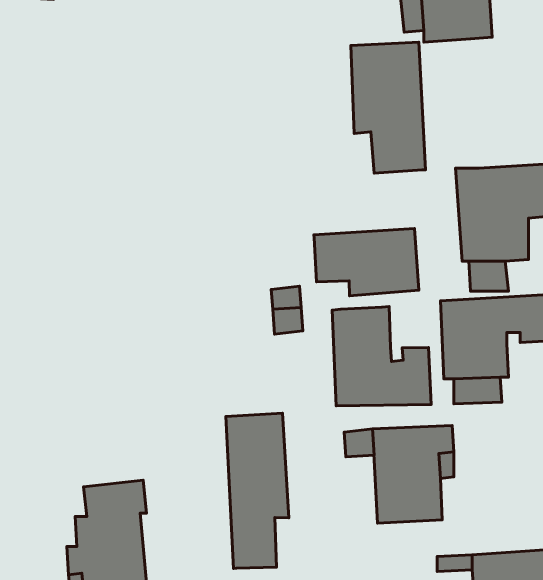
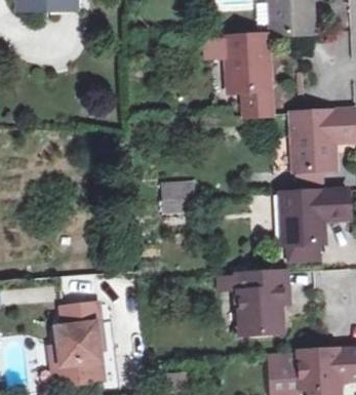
building: [314,228,419,296] -> none
building: [332,306,431,406] -> none
building: [226,413,289,569] -> none

